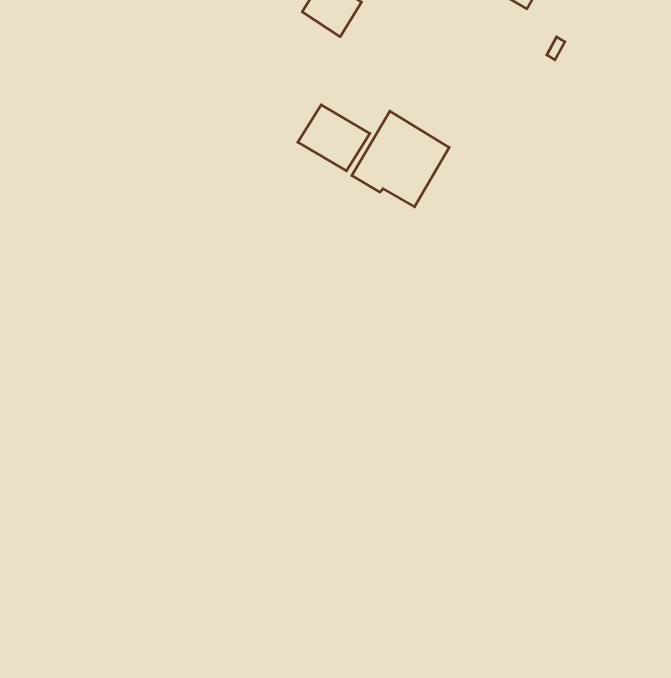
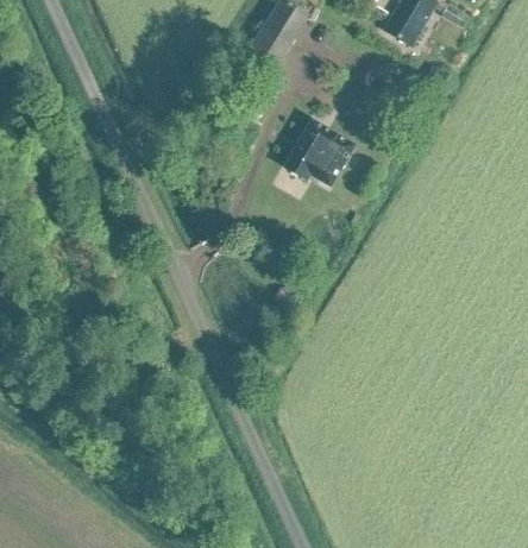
building: [298,105,370,171] -> none

